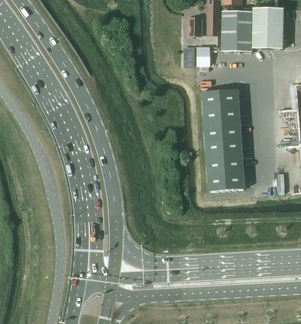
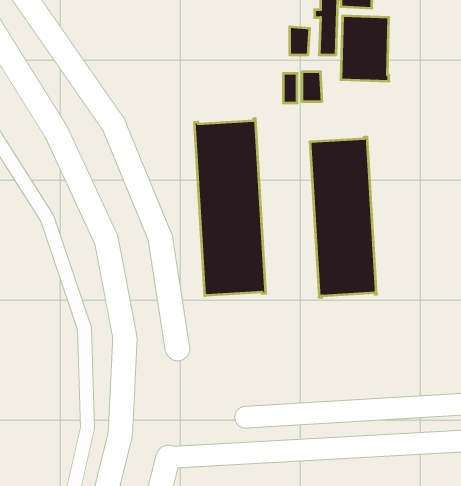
building: [251,8,283,49] -> none
building: none -> [195,118,266,296]

